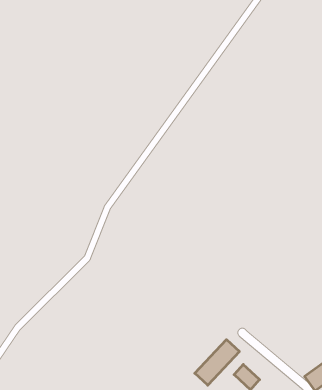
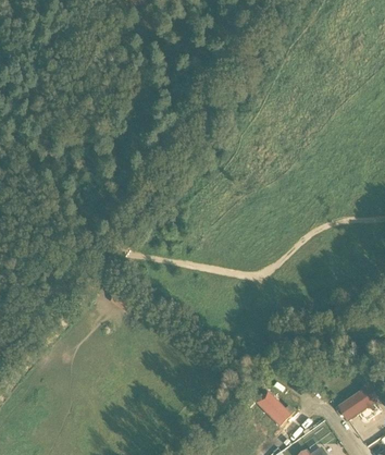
building: [195,340,239,385] -> none

